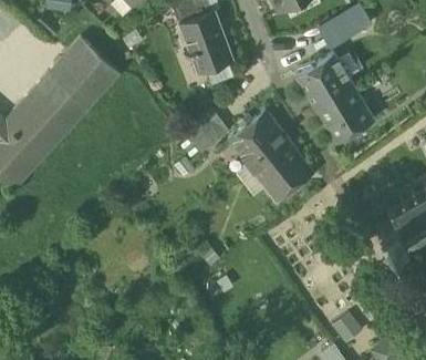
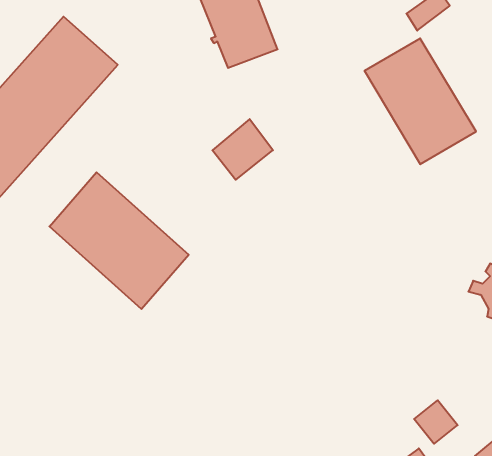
building: [228,110,314,200] -> none
building: none -> [49,172,189,309]

